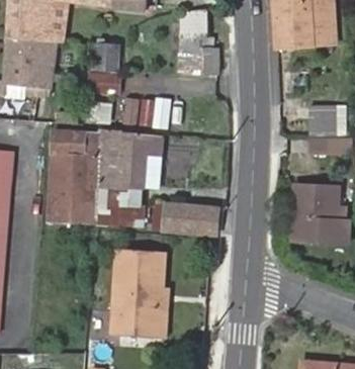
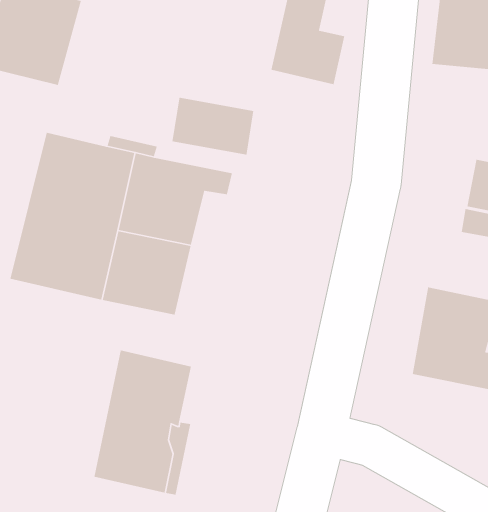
building: [90,45,122,77] -> none
building: [150,206,211,236] -> none

